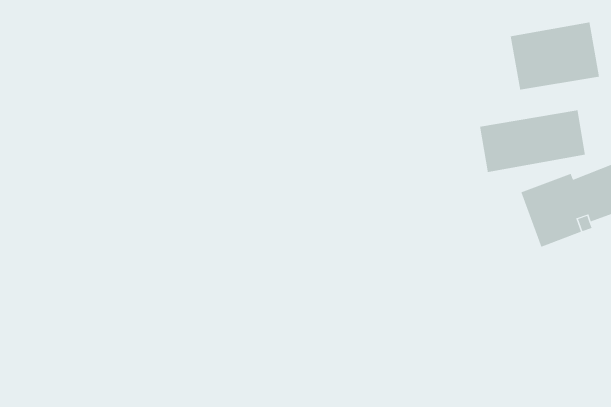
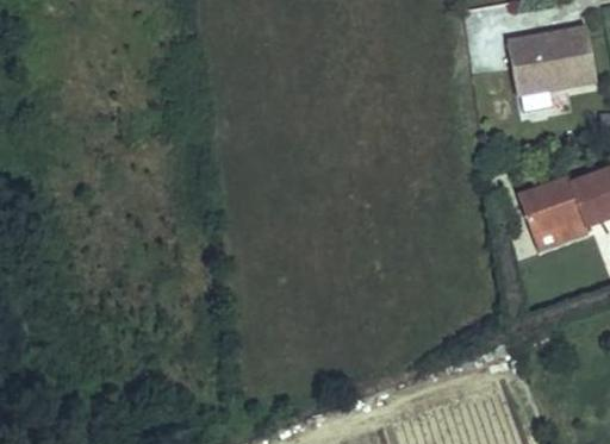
building: [479,110,585,173] -> none

